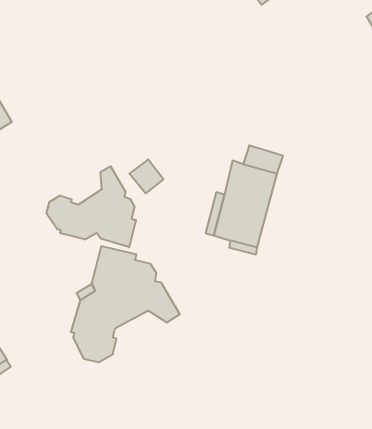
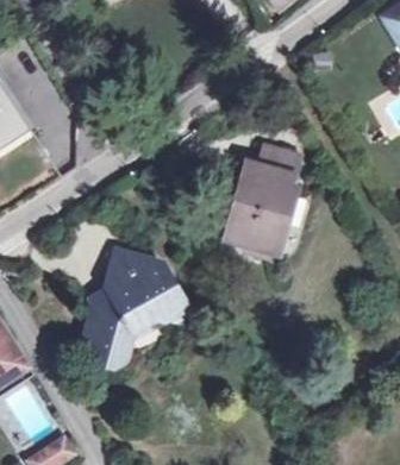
building: [46,166,136,247] -> none

